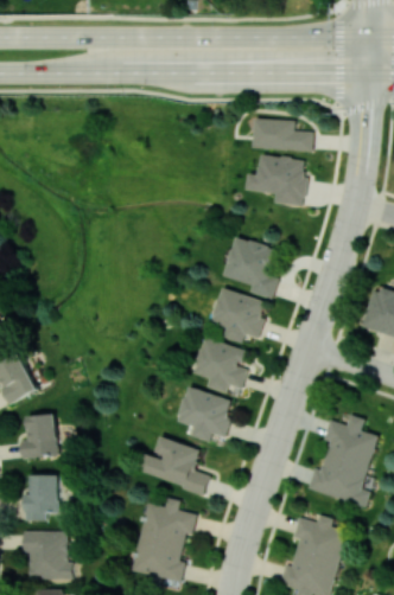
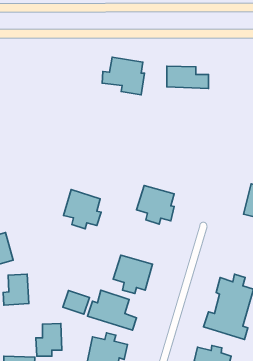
building: [246,153,306,206] -> [102,57,145,95]
building: [223,236,279,299] -> none
building: [193,337,247,392] -> [64,189,101,229]
building: none -> [63,291,89,314]
building: [21,474,58,520] -> [36,323,62,356]

